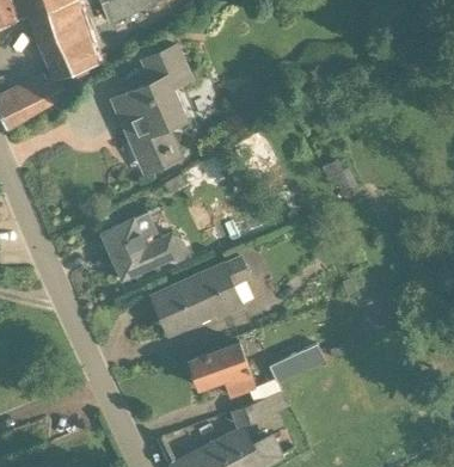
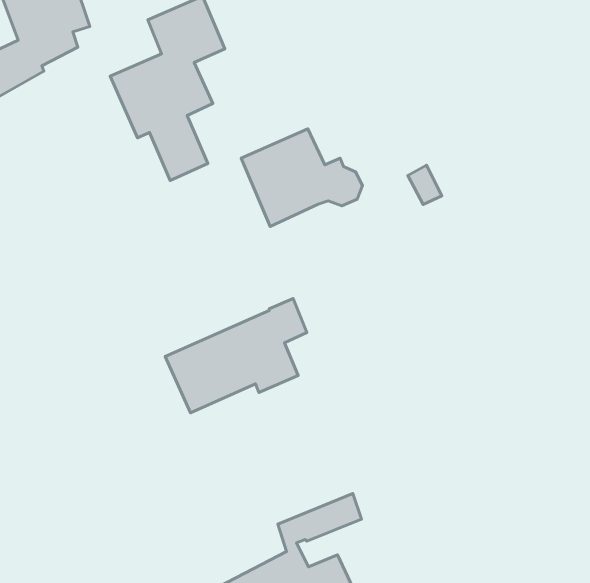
building: [102,211,186,279] -> [241,129,362,226]
building: [190,342,256,398] -> none
building: [269,345,325,385] -> none

